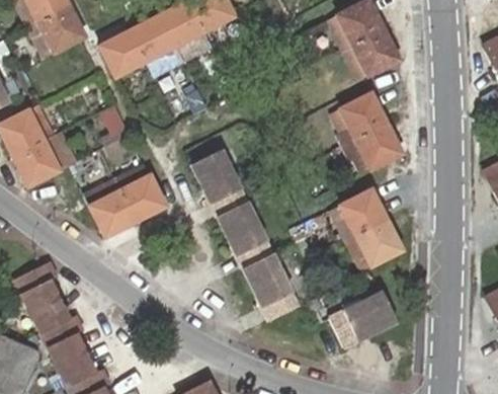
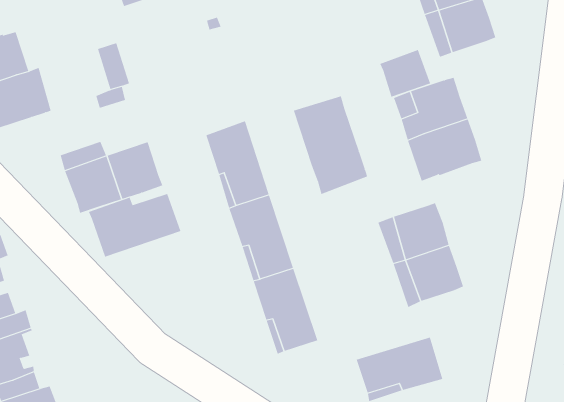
building: none -> [379,49,431,98]
building: none -> [293,95,368,195]
building: none -> [88,193,181,258]

